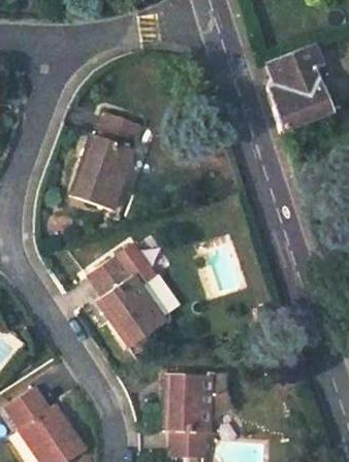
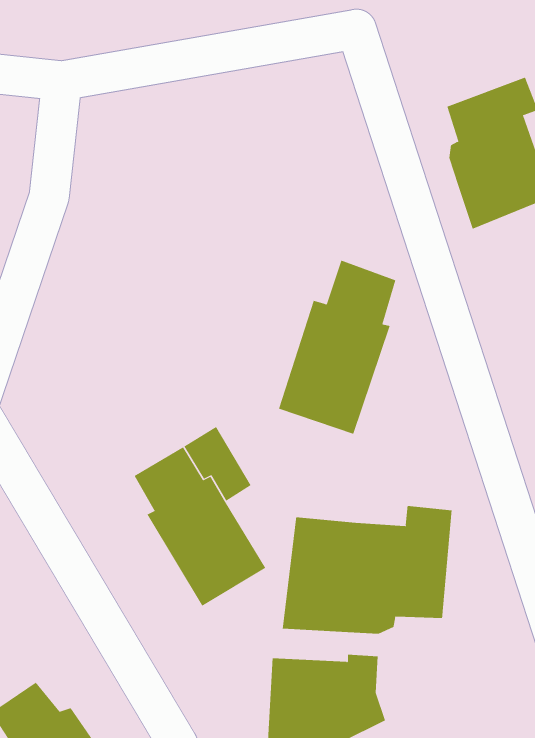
building: [71,112,137,210] -> [278,260,396,434]
building: none -> [282,505,452,634]

